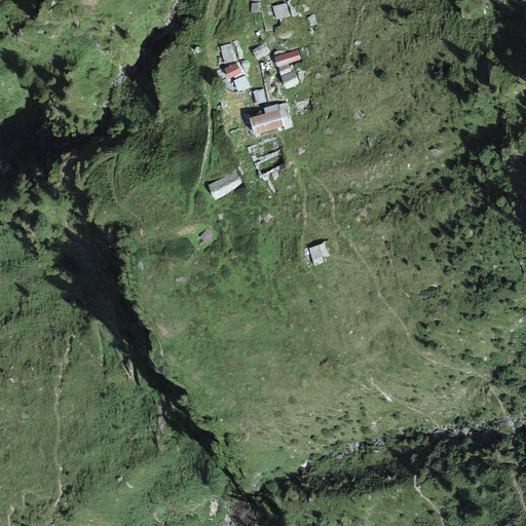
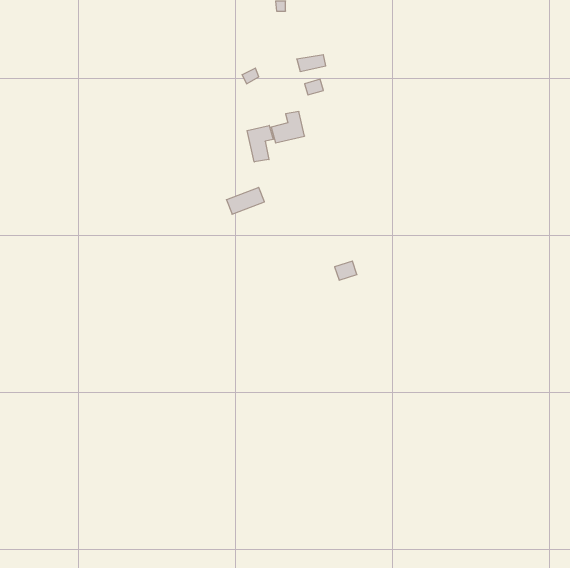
building: none -> [247,125,273,162]

